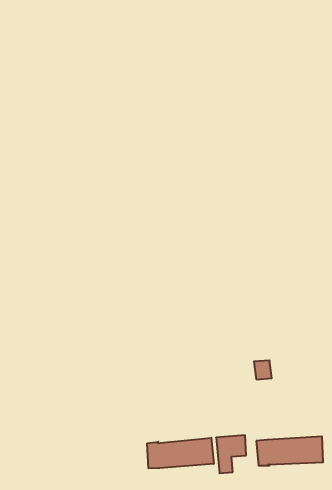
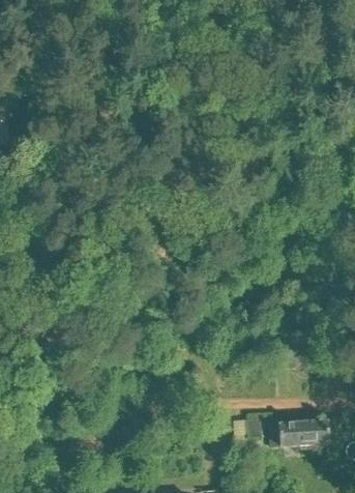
building: [147,438,214,468] -> none

